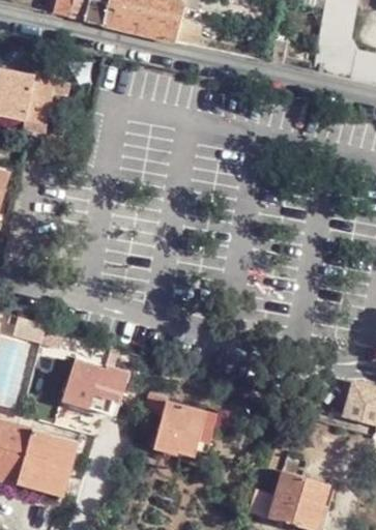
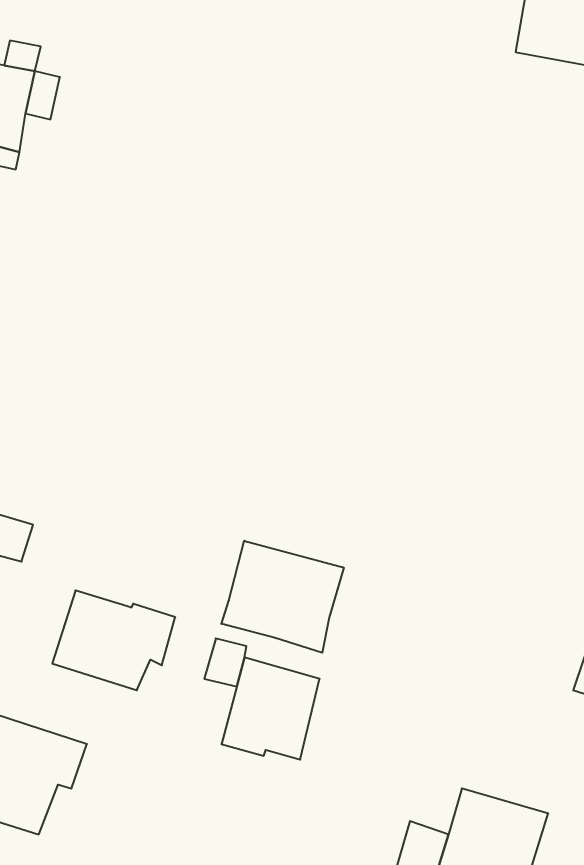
building: none -> [221,541,344,653]

